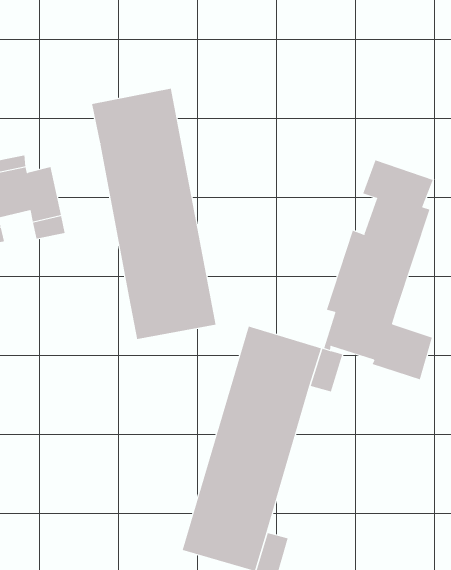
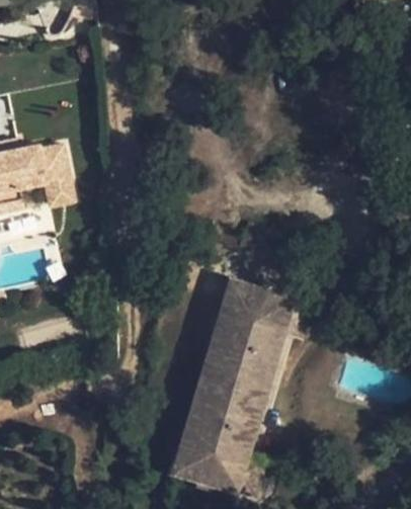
building: [92,88,216,340] -> none
building: [323,159,433,380] -> none

